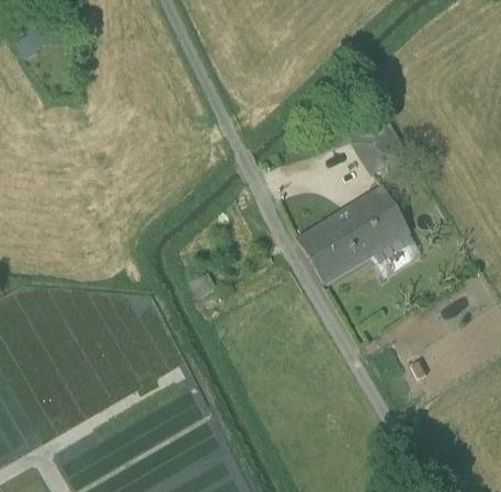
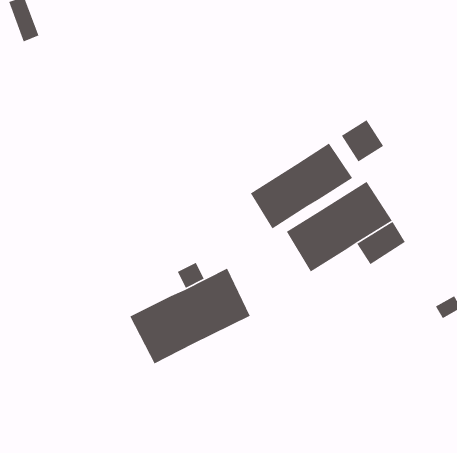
building: none -> [250,142,353,230]
building: none -> [129,267,251,364]

